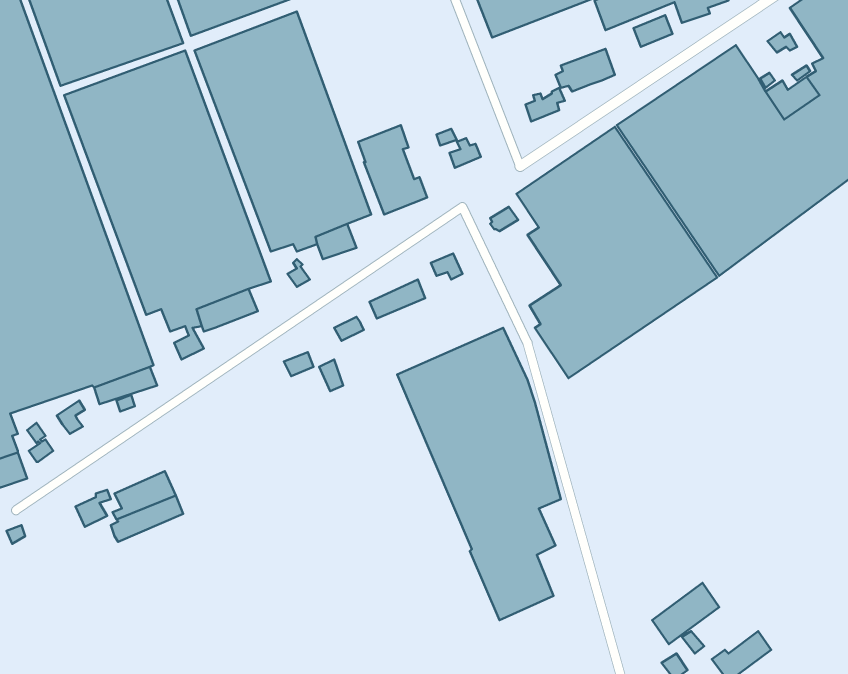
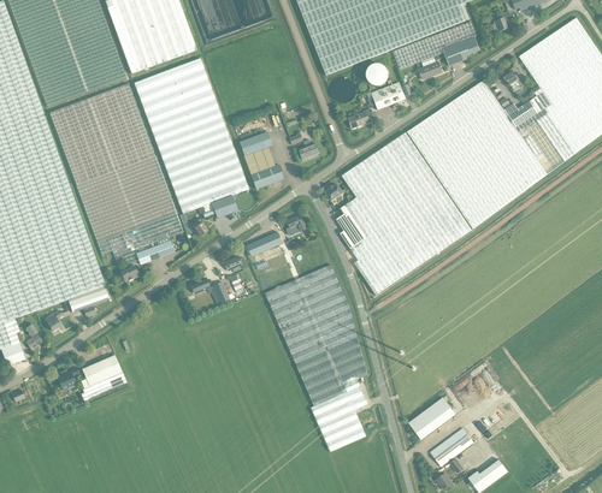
building: none -> [336,201,371,246]
building: none -> [408,396,455,438]

